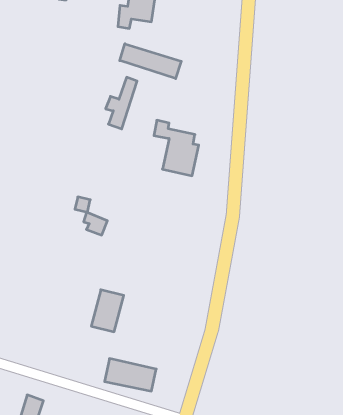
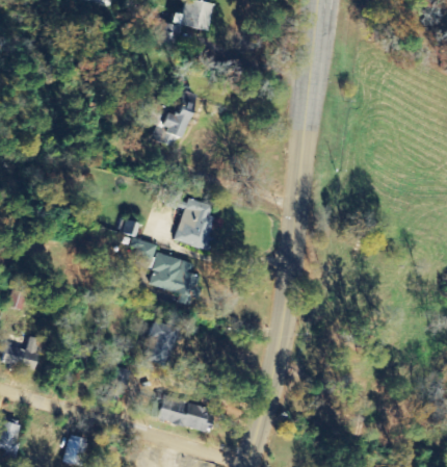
building: [120,44,181,79] -> none
building: [154,120,199,176] -> [165,188,214,249]
building: none -> [151,253,202,304]

